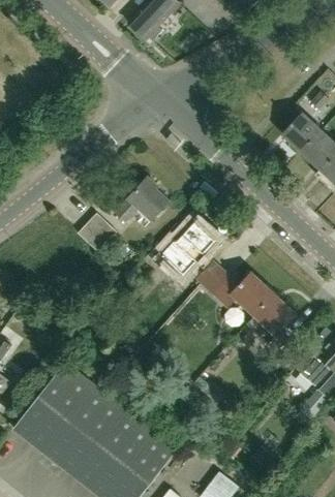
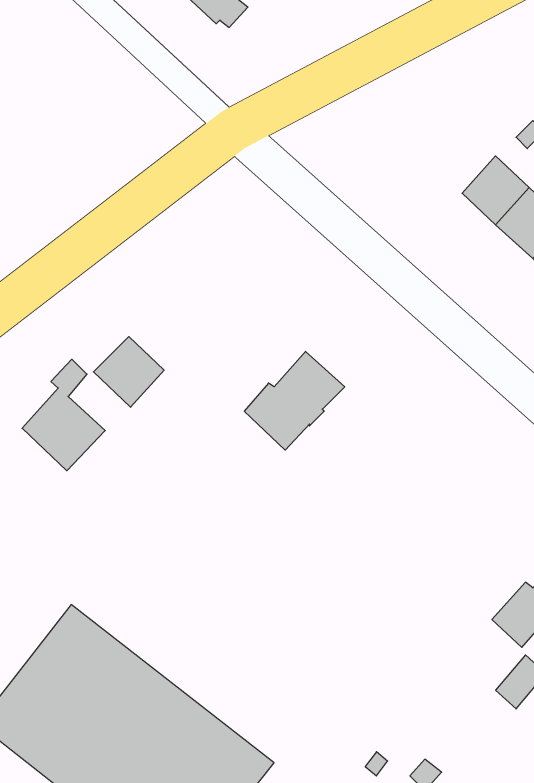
building: [114,177,169,223] -> none
building: none -> [22,359,105,471]
building: [196,262,296,351] -> none

